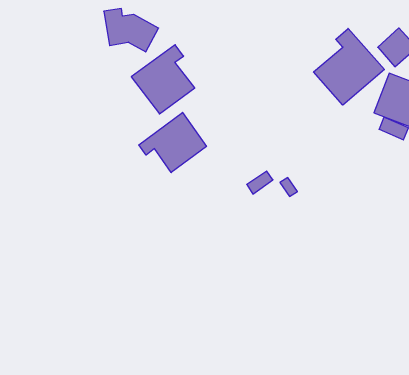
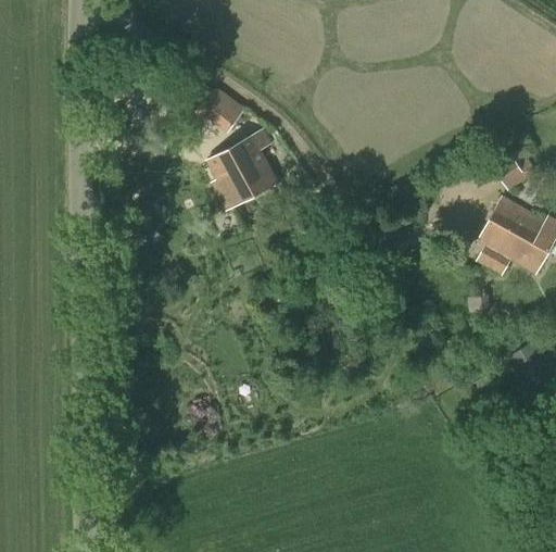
building: [314,28,384,105] -> none
building: [139,112,206,173] -> none

